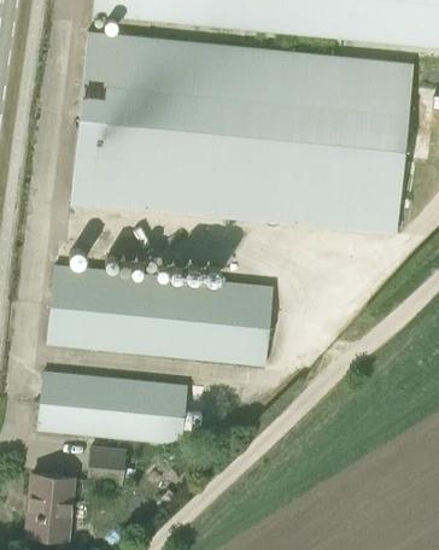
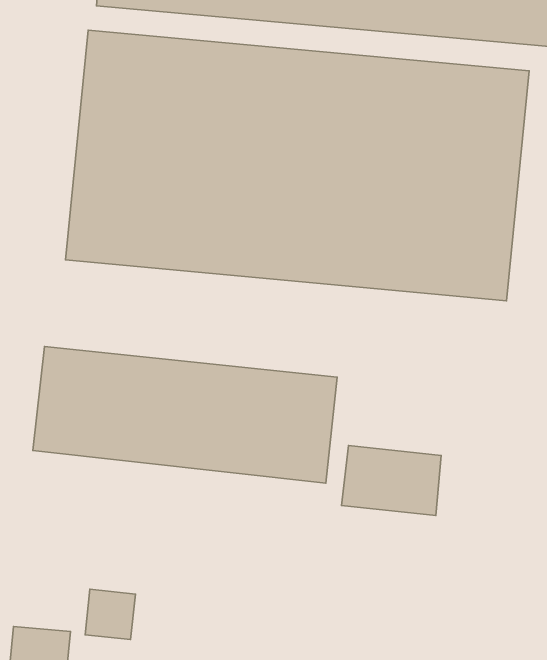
building: none -> [342,446,441,516]
building: [37,371,186,444] -> none

